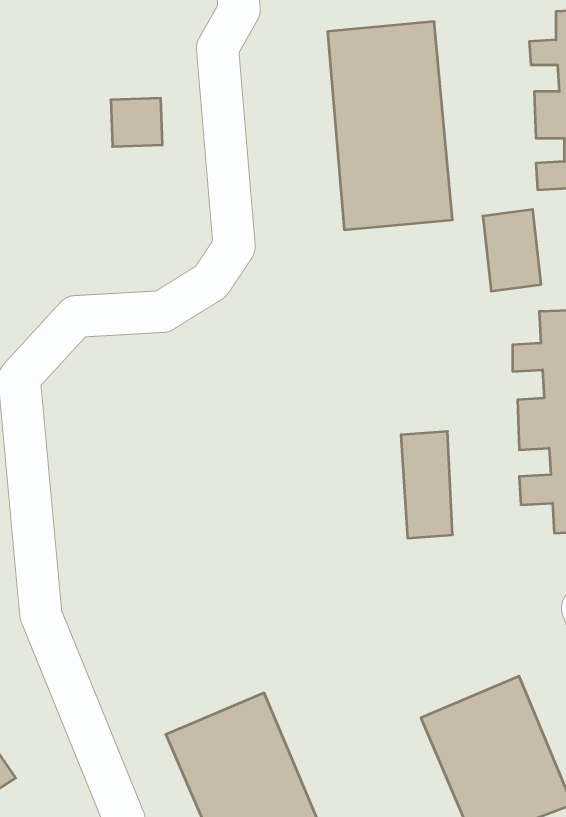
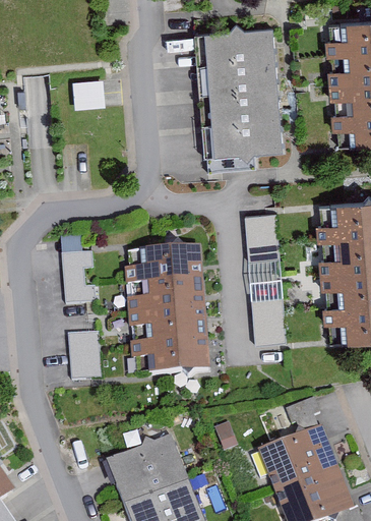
building: [483,209,541,291] -> [241,212,276,262]
building: none -> [125,249,204,378]
building: none -> [59,252,96,305]
building: none -> [66,333,98,381]

